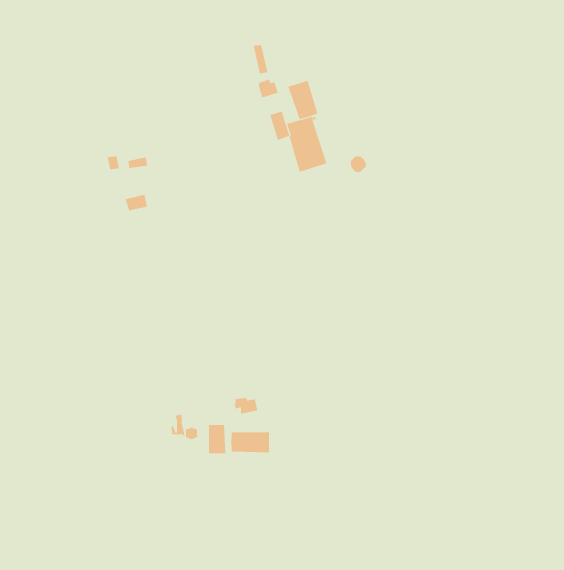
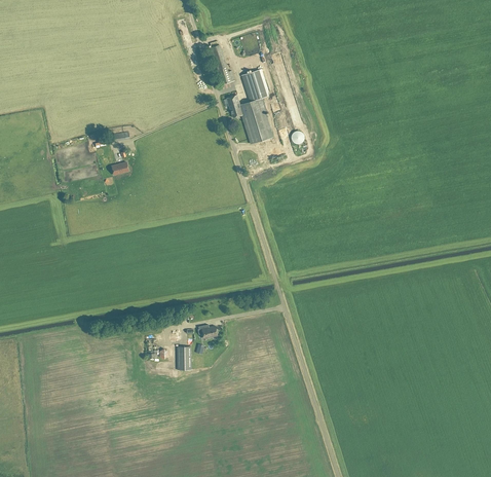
building: [231,432,269,453] -> none

